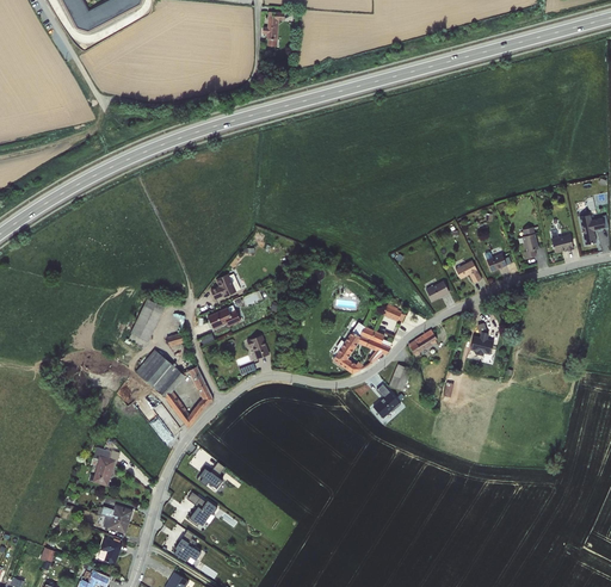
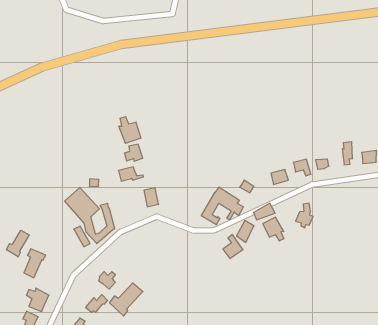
building: none -> [119,117,141,143]
building: [129,297,163,346] -> none
building: none -> [263,217,284,241]
building: none -> [7,230,29,257]
building: none -> [110,283,143,316]

